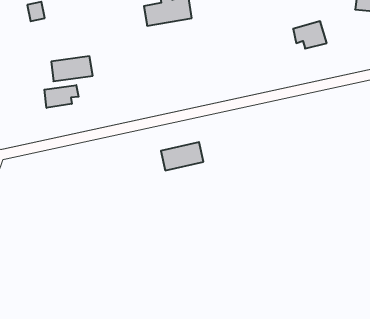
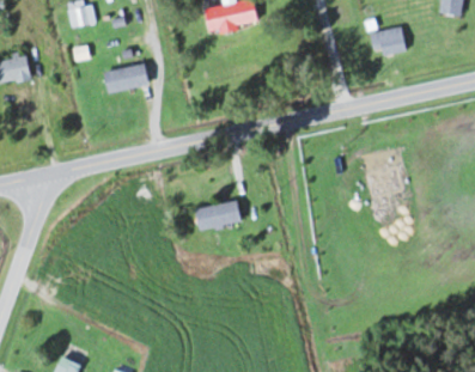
building: [44,85,79,108] -> none
building: [161,142,203,170] -> [194,200,240,231]

